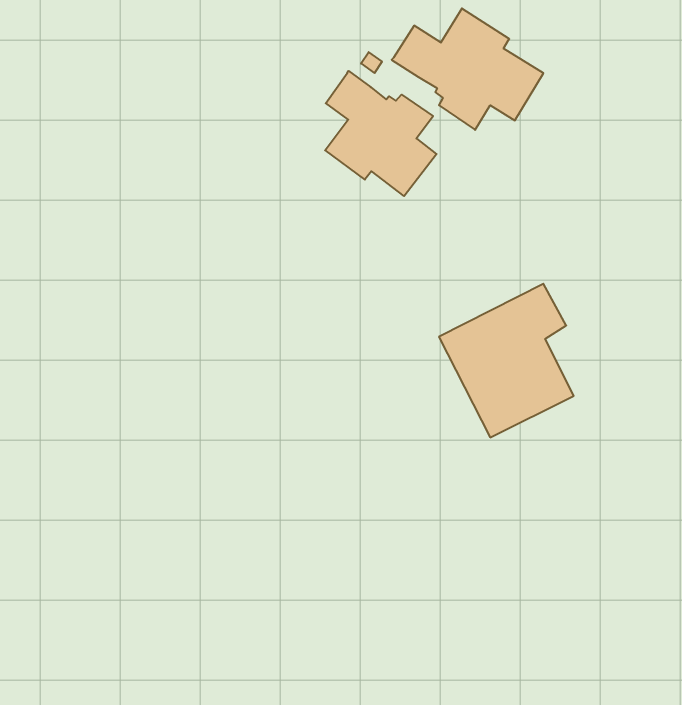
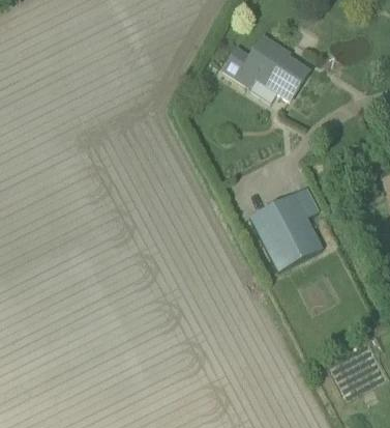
building: [325,71,437,196] -> none

